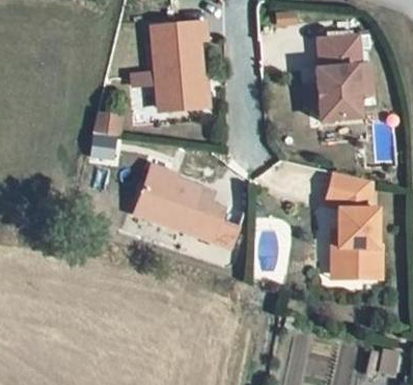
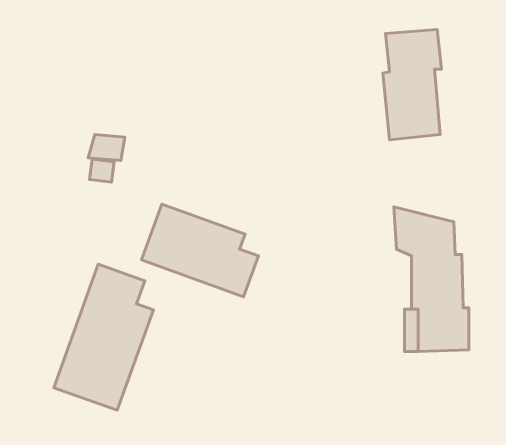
building: [150,20,206,108] -> none
building: none -> [54,264,154,410]

